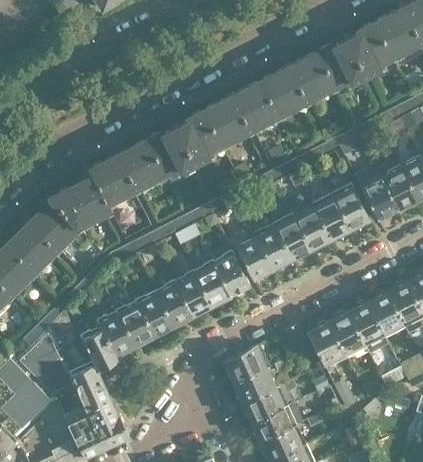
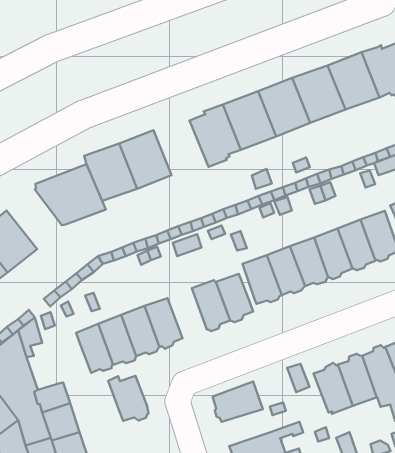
building: [146,127,197,176] -> none
building: [28,202,81,253] -> none
building: [175,271,212,316] -> none
building: [81,329,119,369] -> [108,376,149,421]
building: [234,368,276,403] -> none

